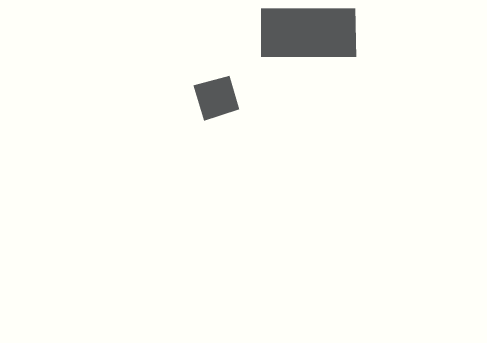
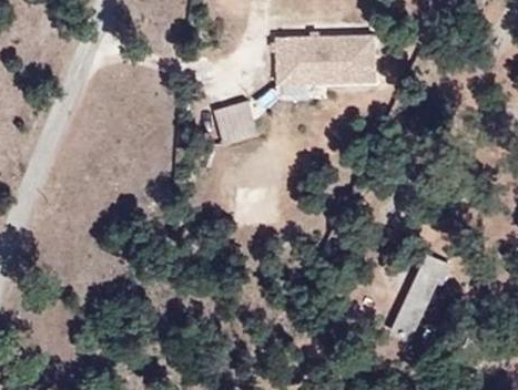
building: none -> [392,259,446,341]

